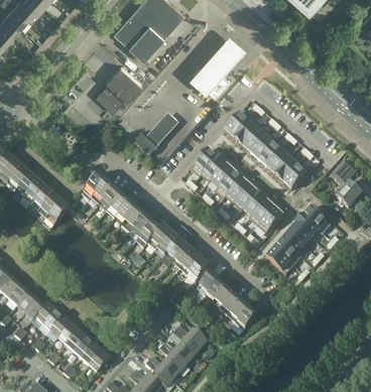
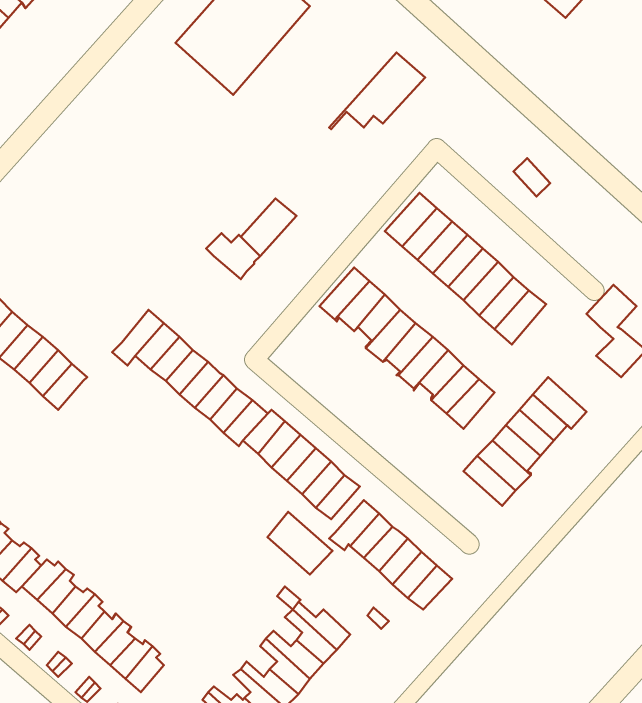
building: [96,64,142,111] -> none
building: [194,69,230,97] -> none
building: none -> [268,512,333,575]

